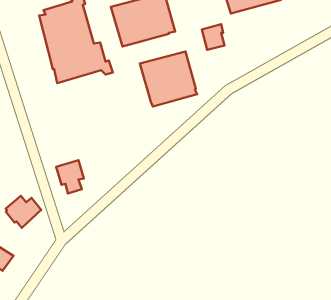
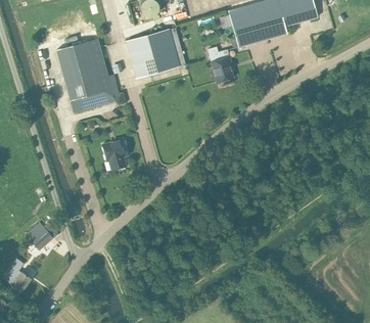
building: [140,51,197,107] -> none
building: [56,160,84,194] -> [101,133,128,165]

